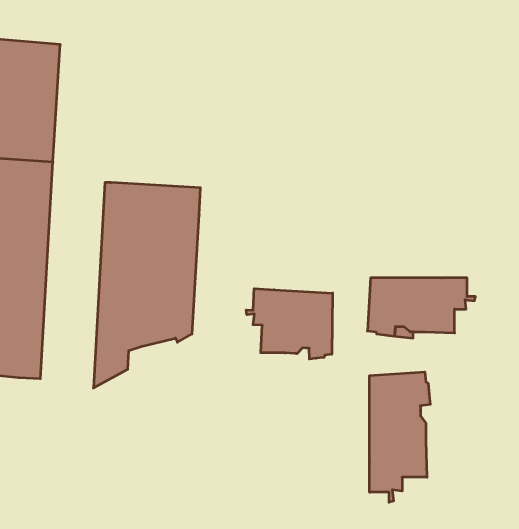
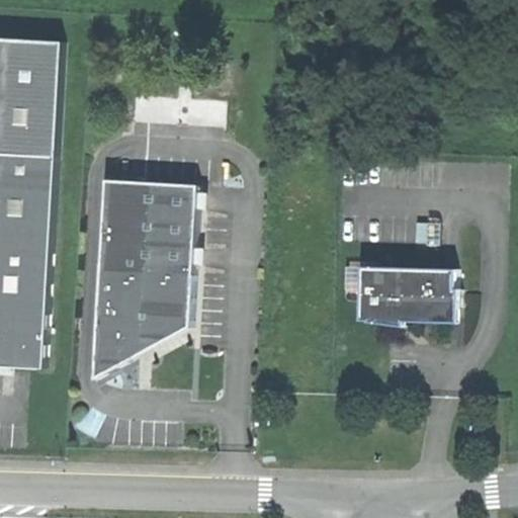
building: [246,289,333,359] -> none
building: [370,372,430,502] -> none

